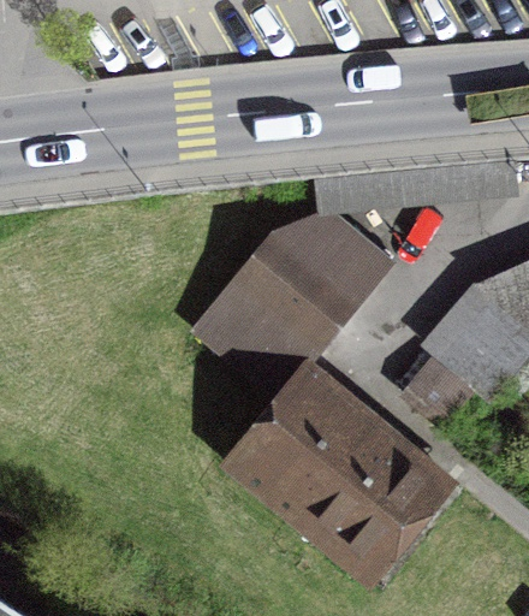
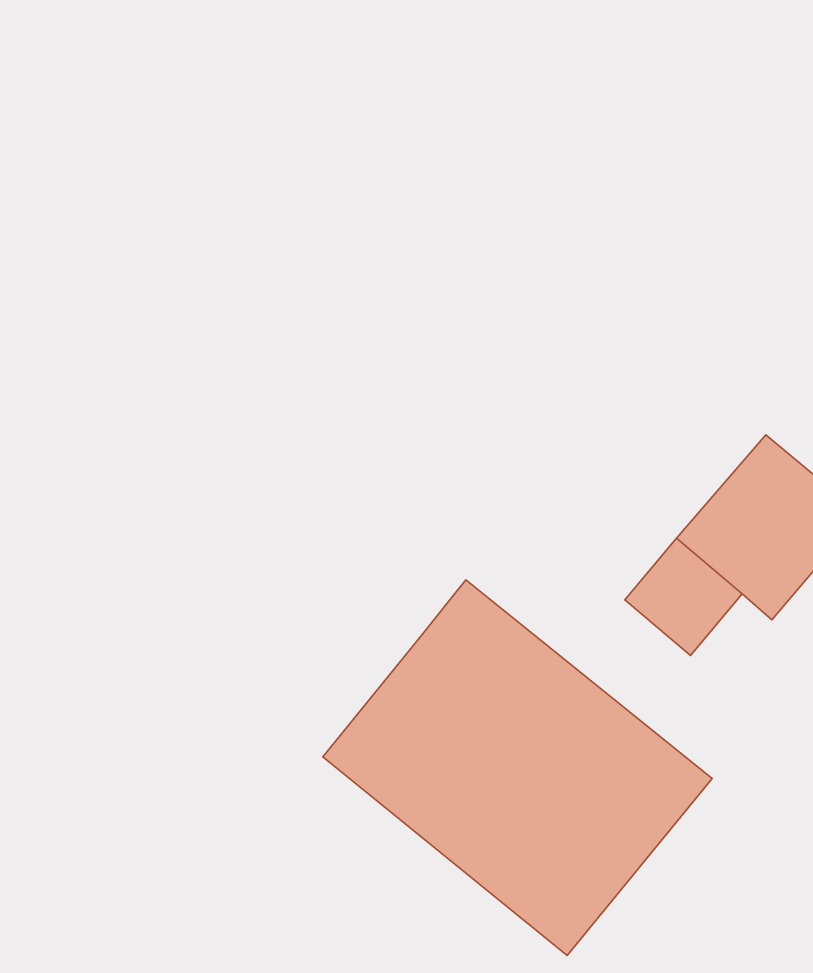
building: [196,212,393,398] -> none

